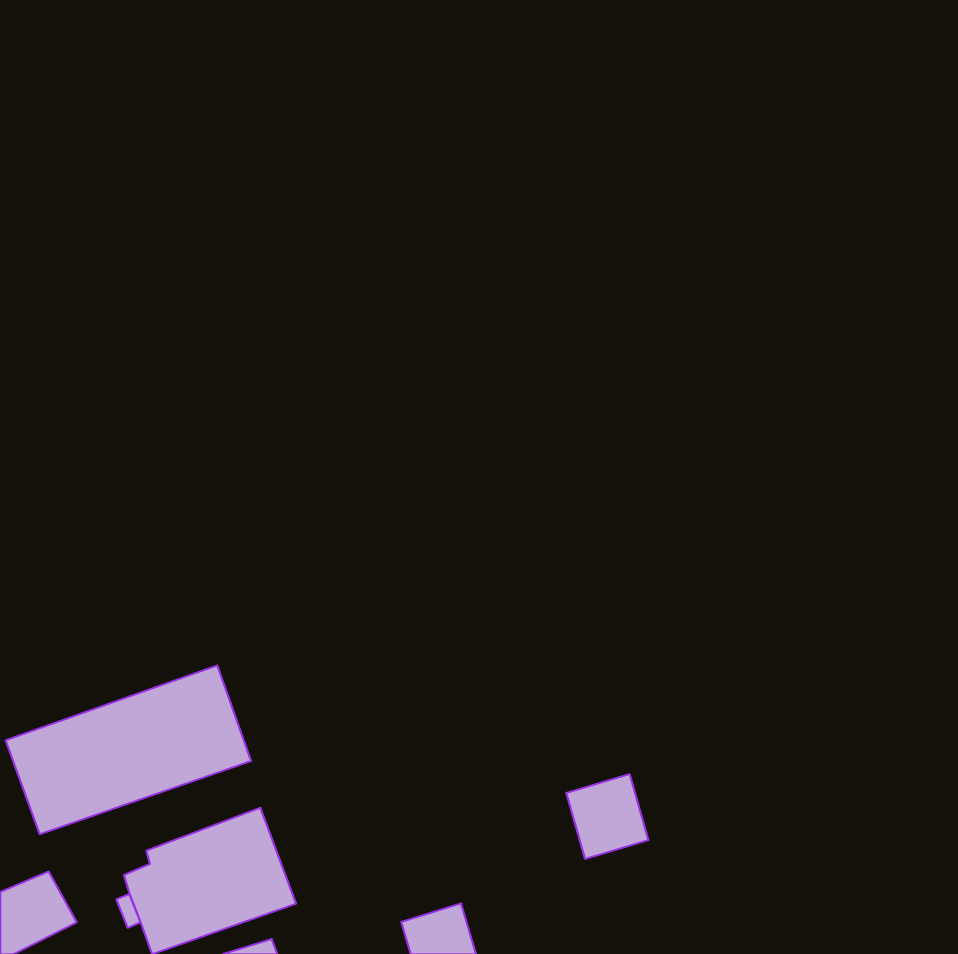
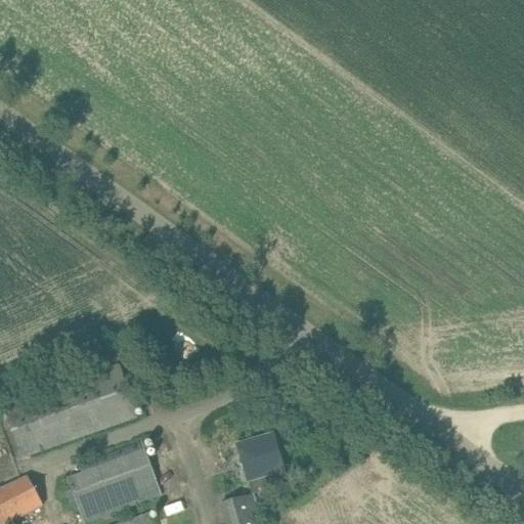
building: [566,774,649,859] -> [237,433,282,479]

